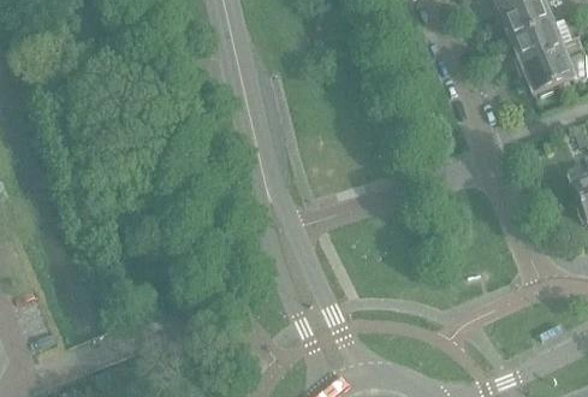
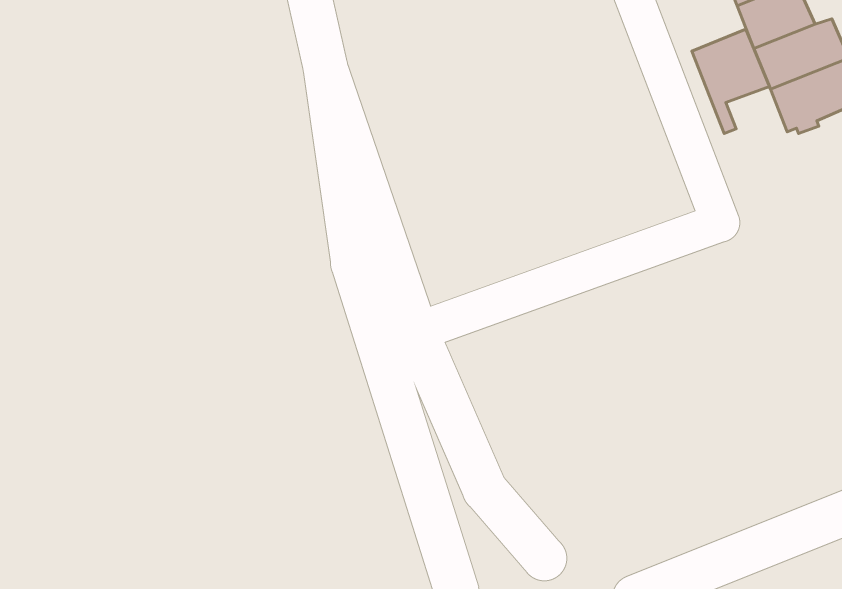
building: none -> [692,29,769,133]

